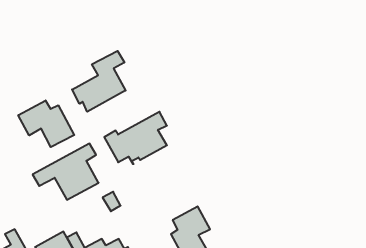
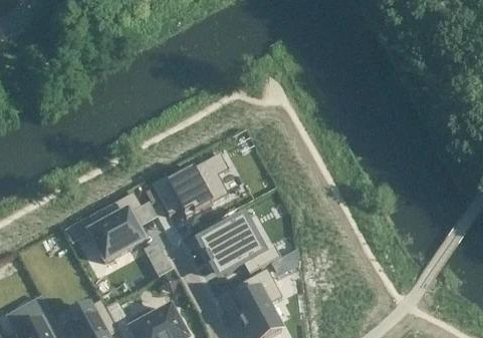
building: [72,51,126,112] -> none
building: [18,100,74,147] -> none
building: none -> [200,218,285,273]

